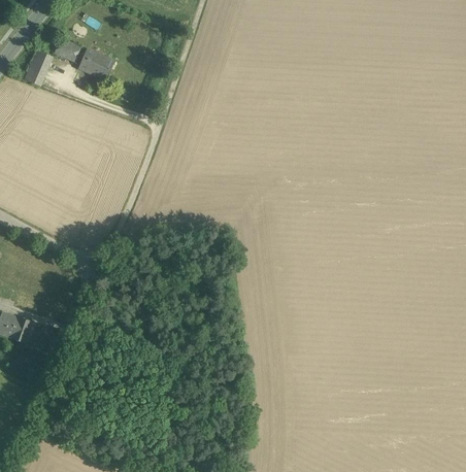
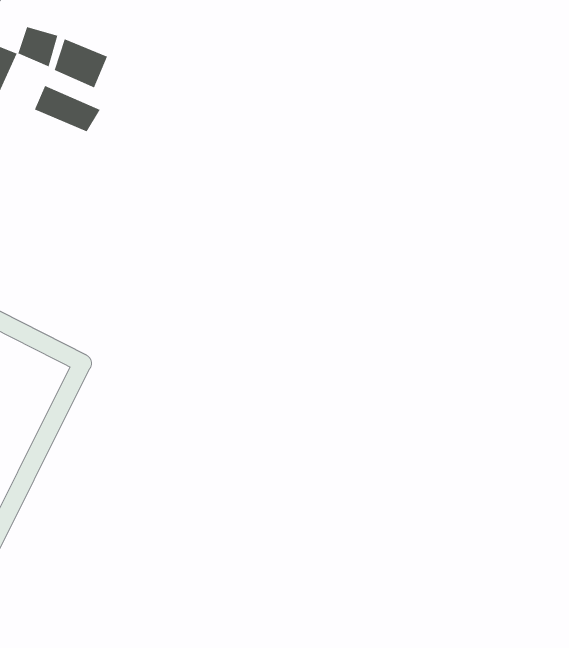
building: none -> [34,85,100,132]

